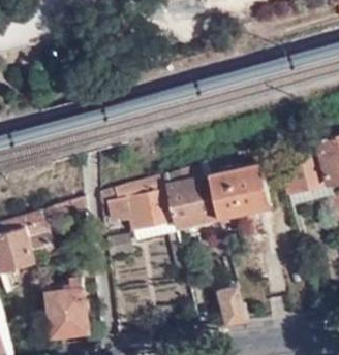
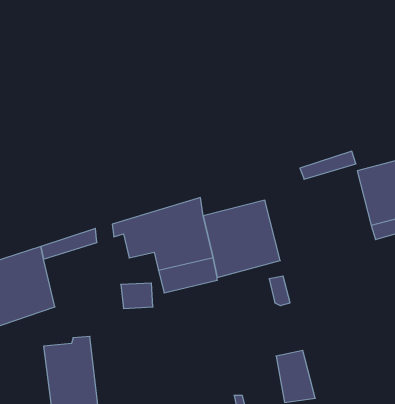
building: [206,157,271,221] -> none

